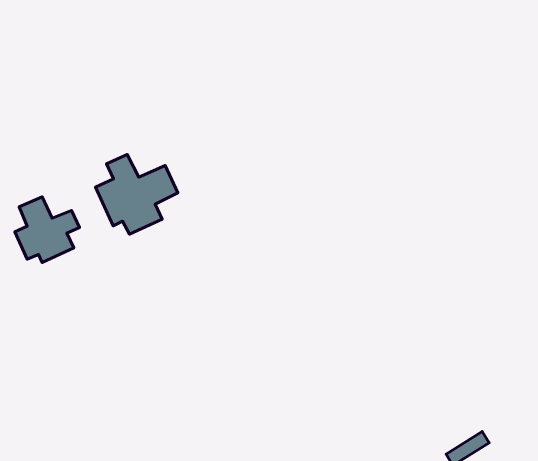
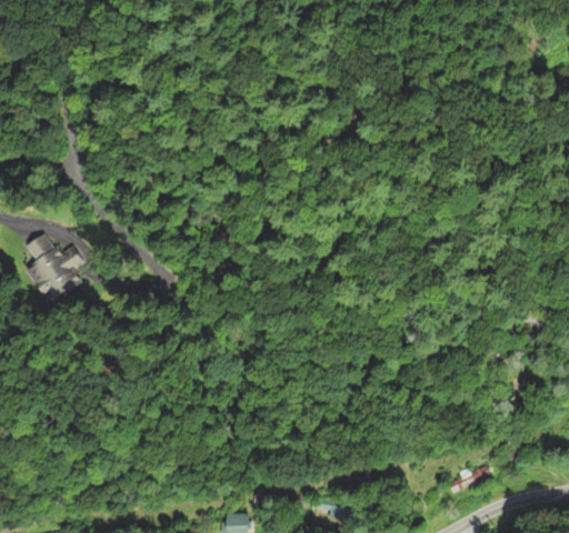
building: [96,154,178,234] -> none

